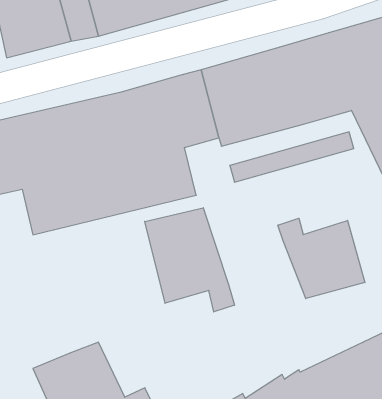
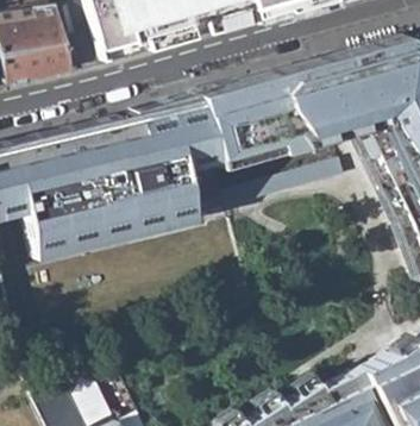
building: [145,208,234,312] -> none
building: [278,218,365,299] -> none

